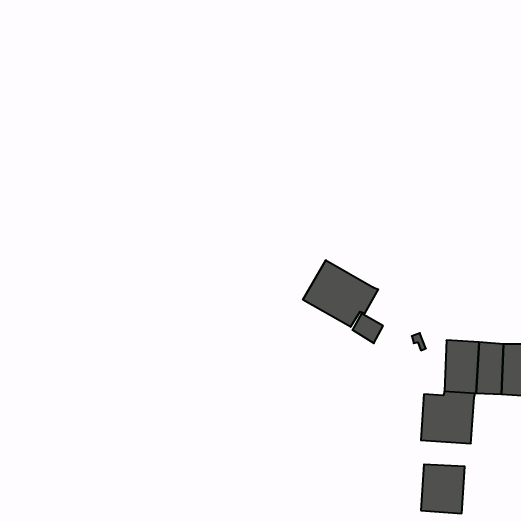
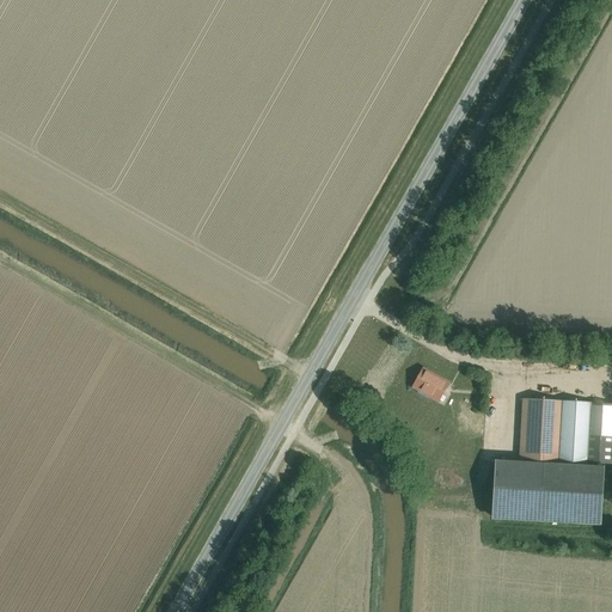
building: [303,260,378,327] -> none
building: [421,464,465,513] -> [552,465,604,522]

